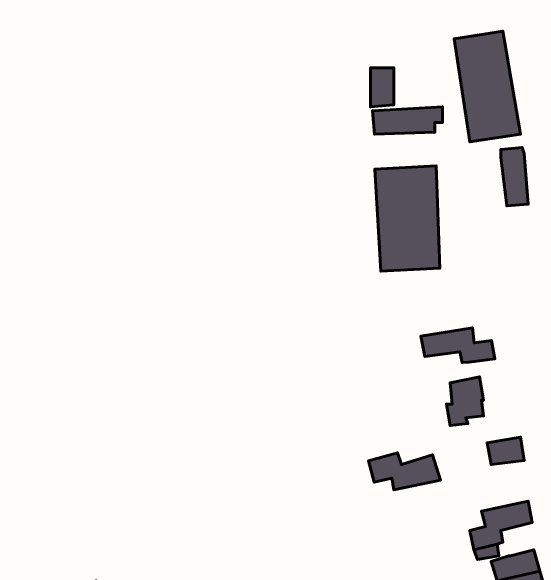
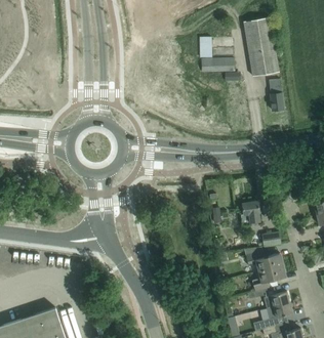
building: [375,166,440,271] -> none
building: [421,328,495,363] -> none
building: [368,453,440,490] -> [245,251,283,270]

